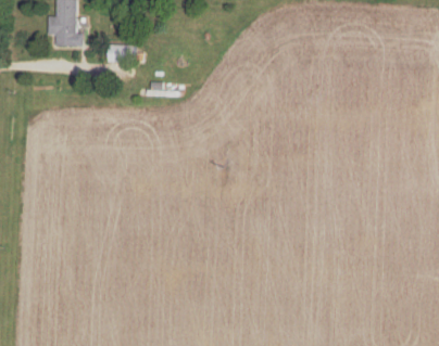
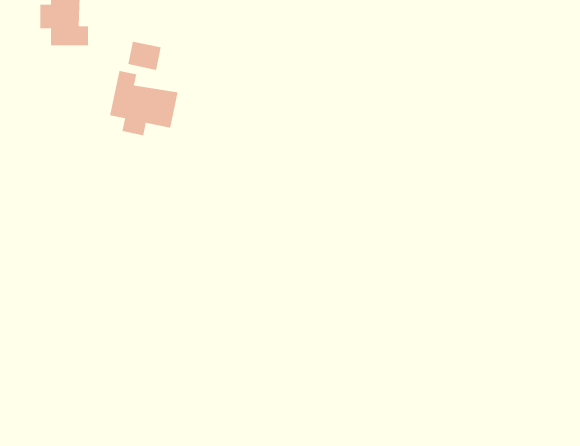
building: none -> [110,70,178,136]

